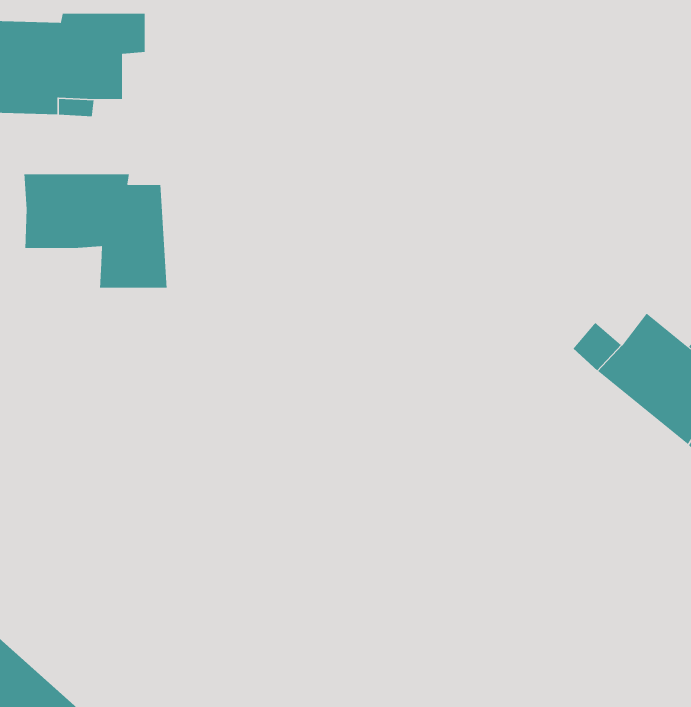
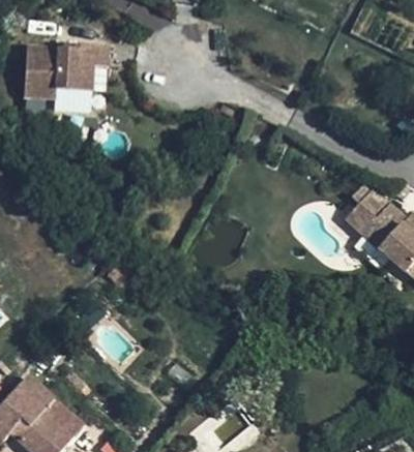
building: [24,173,168,289] -> none

